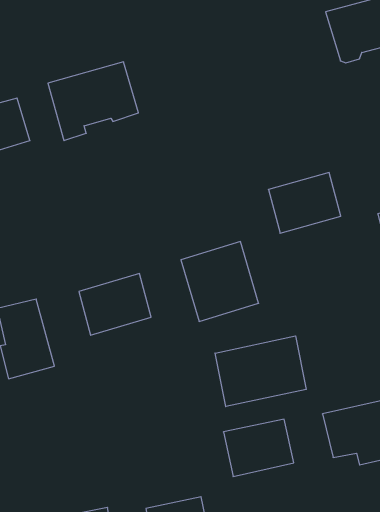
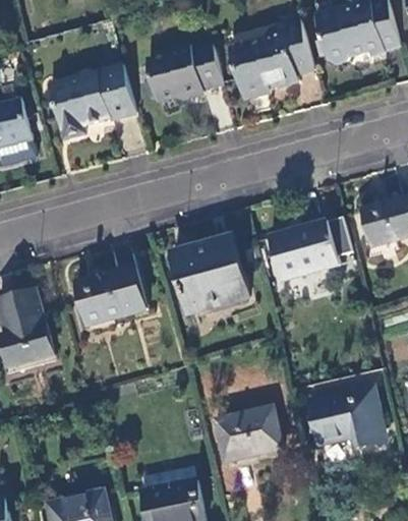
building: none -> [228,16,312,100]
building: none -> [142,43,221,101]
building: [268,173,341,233] -> [272,222,341,280]
building: [215,336,306,407] -> none

